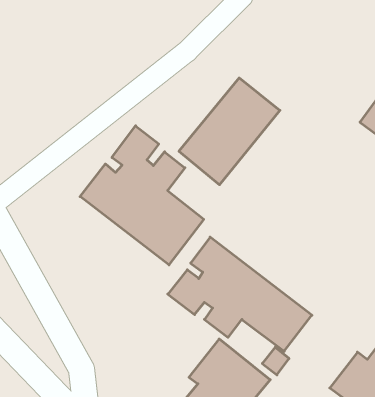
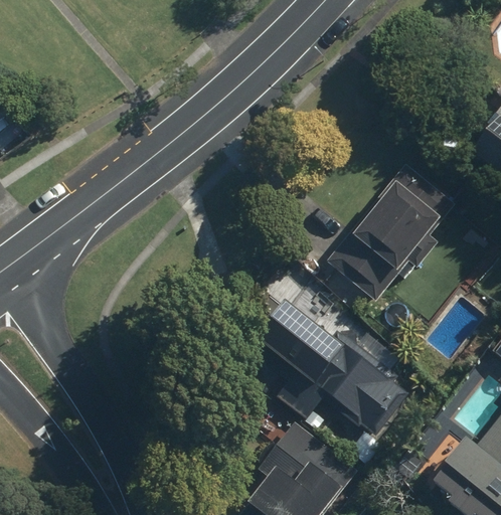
building: [179,78,280,185] -> [335,159,460,291]
building: [80,126,204,265] -> none

